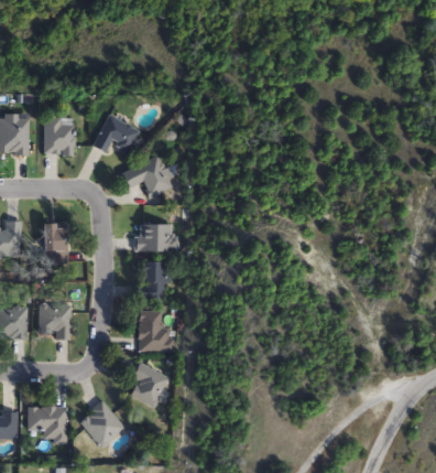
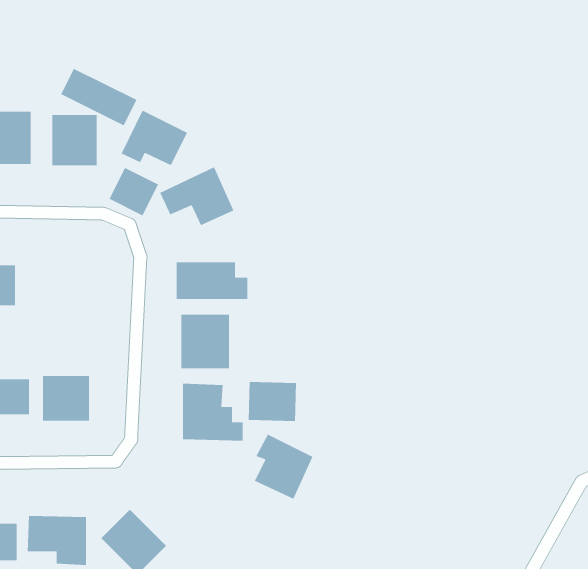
building: none -> [60,68,137,126]
building: none -> [108,167,159,216]
building: [37,223,68,252] -> none
building: none -> [248,381,297,422]
building: [128,361,171,408] -> [254,434,314,500]

